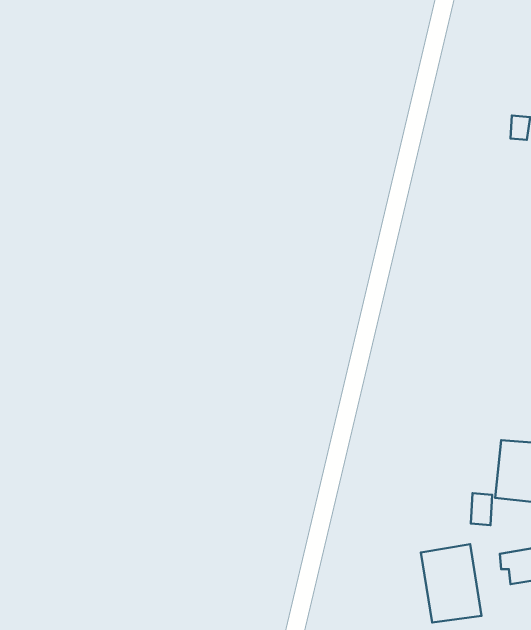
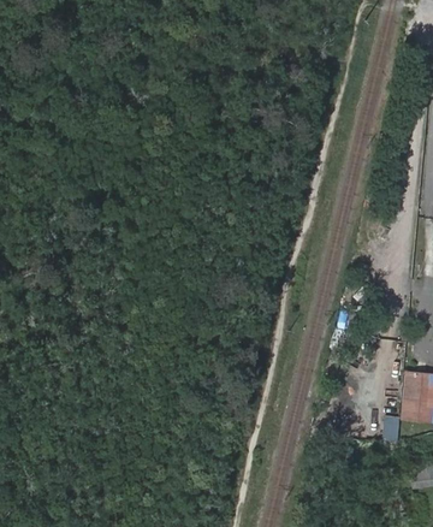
building: [421,544,482,622] -> none

